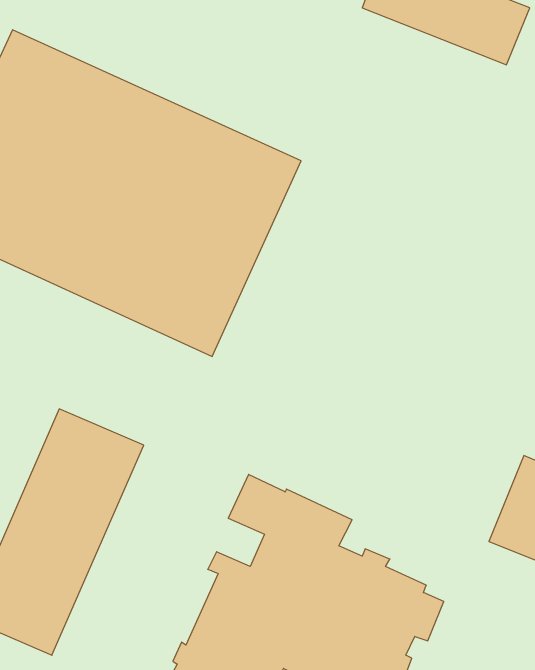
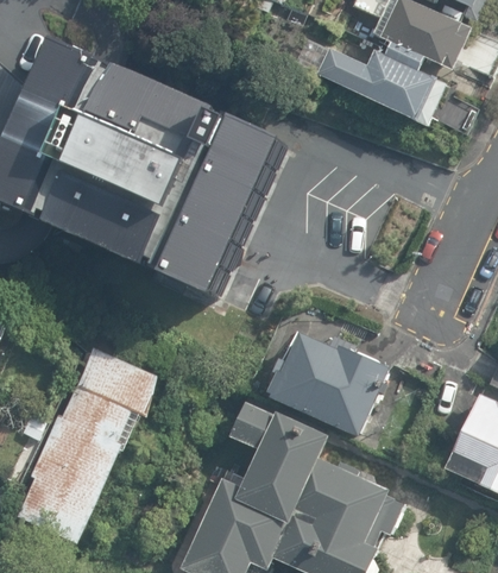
building: none -> [342,46,433,118]
building: none -> [264,326,387,439]

